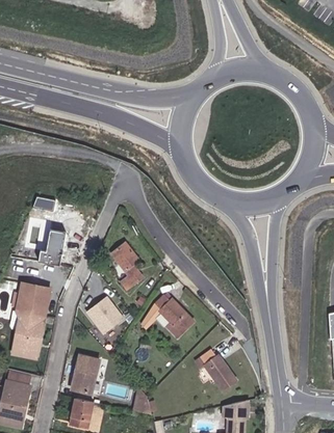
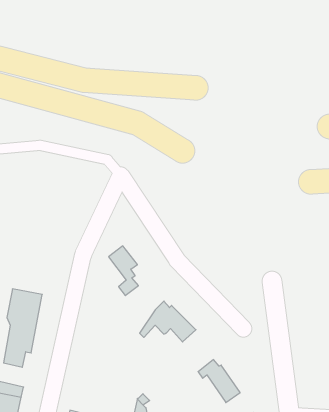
building: [38,228,66,265] -> none
building: [85,296,123,333] -> none
building: [71,355,99,394] -> none

